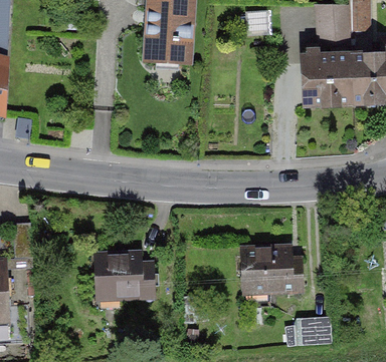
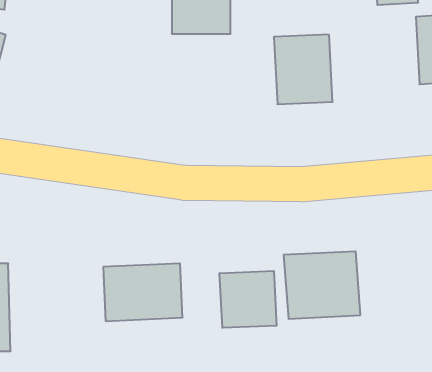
building: [305,49,354,107] -> [274,35,333,104]
building: none -> [220,271,277,328]
building: [291,316,332,339] -> none

